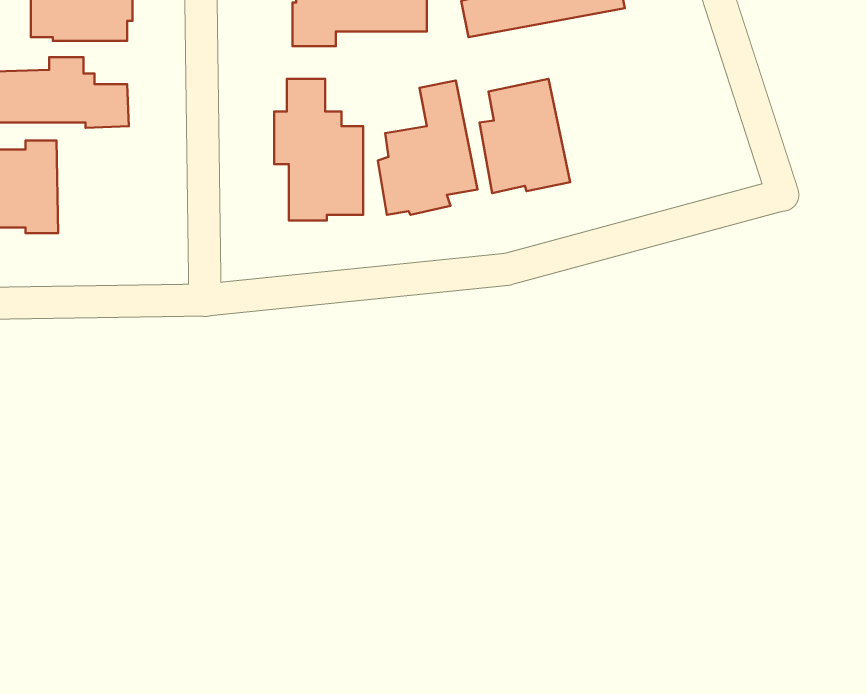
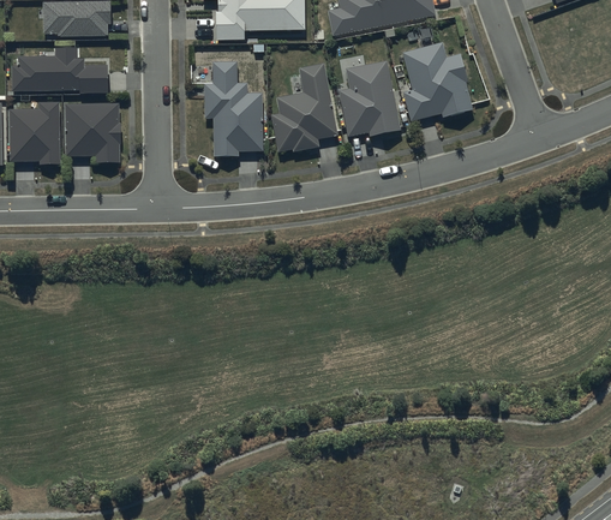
building: none -> [402,42,472,120]
building: none -> [66,103,120,162]

